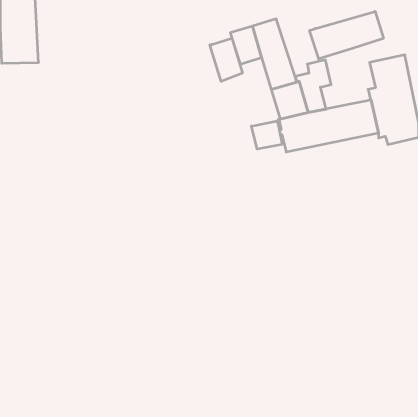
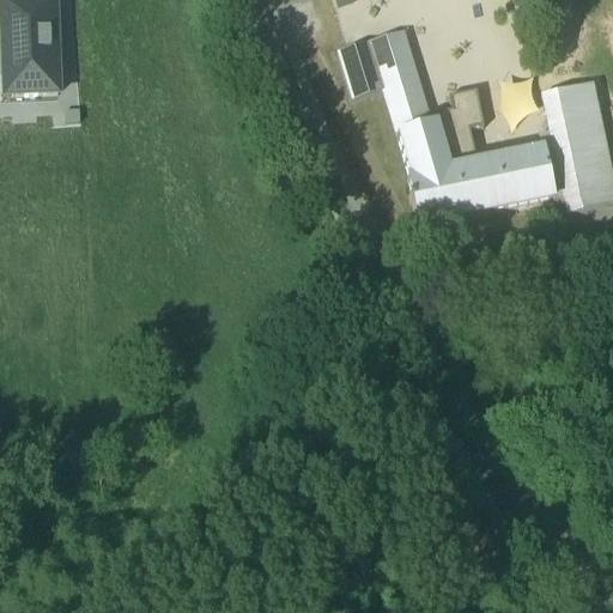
building: [310,11,383,59] -> none
building: [210,38,242,81] -> none
building: [251,121,282,149] -> none

